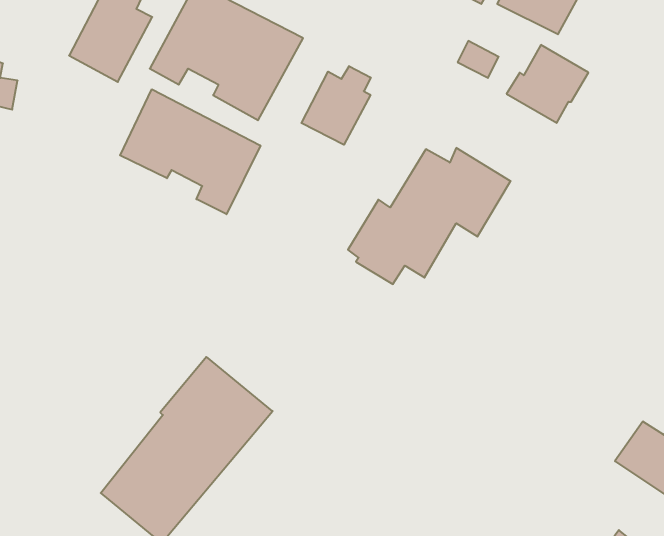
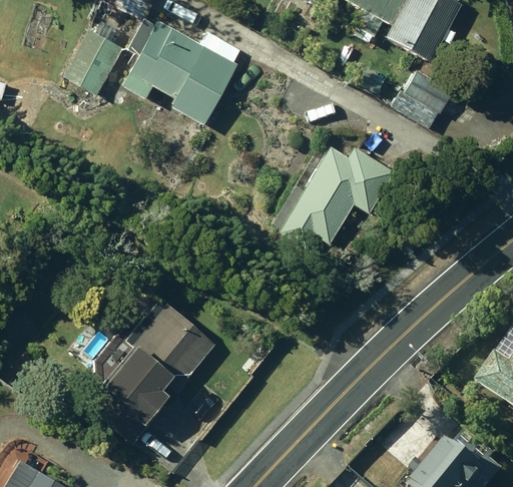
building: [301,66,371,145] -> none
building: [120,89,260,214] -> none

